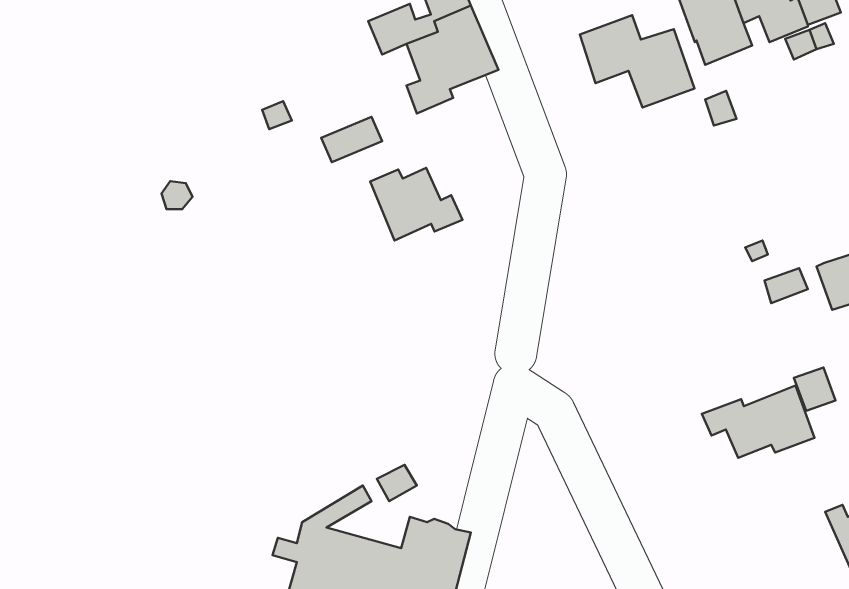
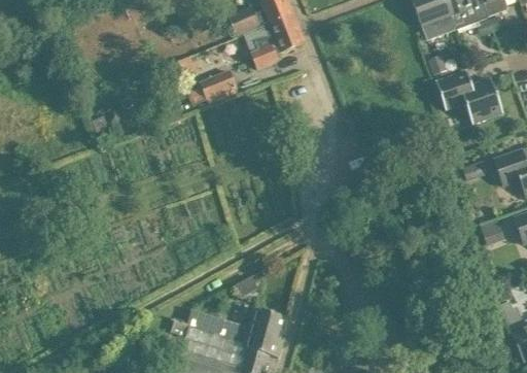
building: [580,15,695,107] -> [436,70,504,125]
building: [370,168,463,241] -> none
building: [702,386,815,458] -> none

